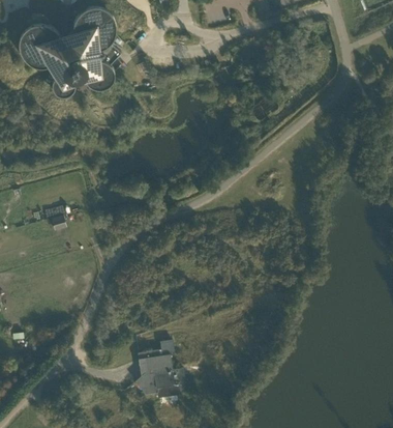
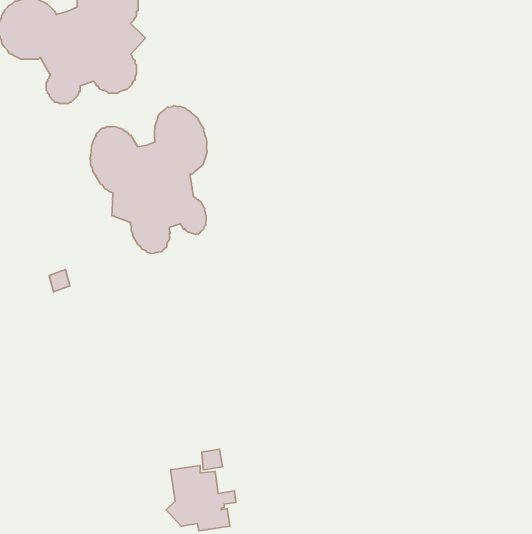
building: none -> [90,106,207,254]

